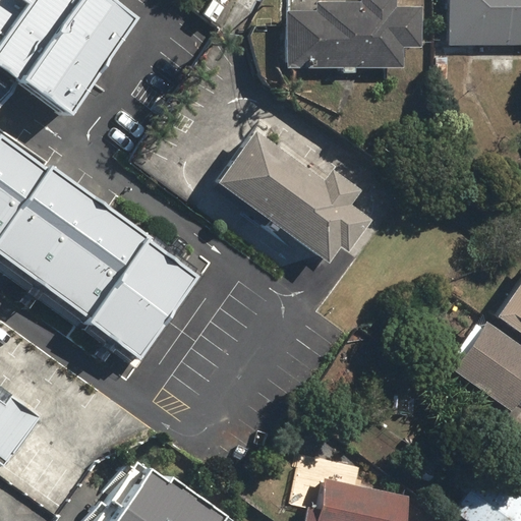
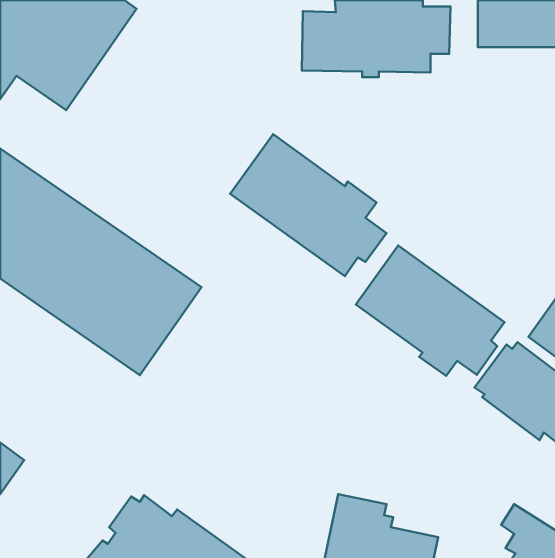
building: none -> [356,246,505,376]

